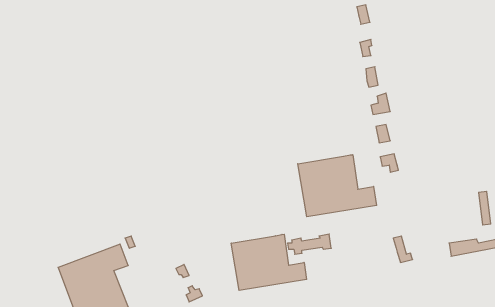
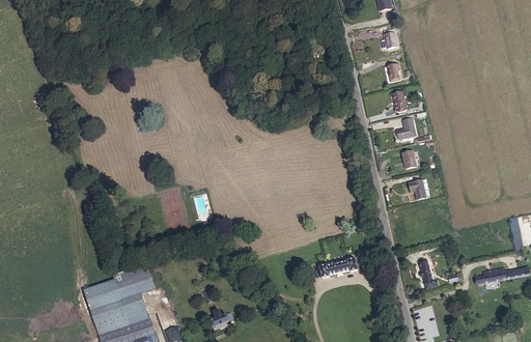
building: [298,155,377,217] -> none
building: [231,234,307,290] -> none

